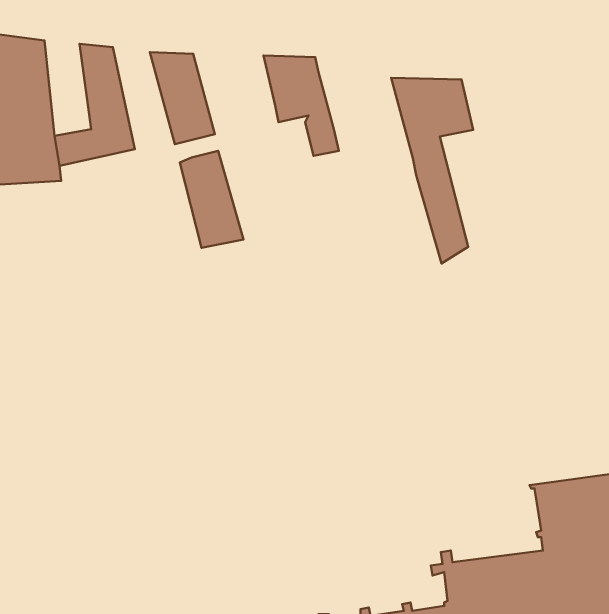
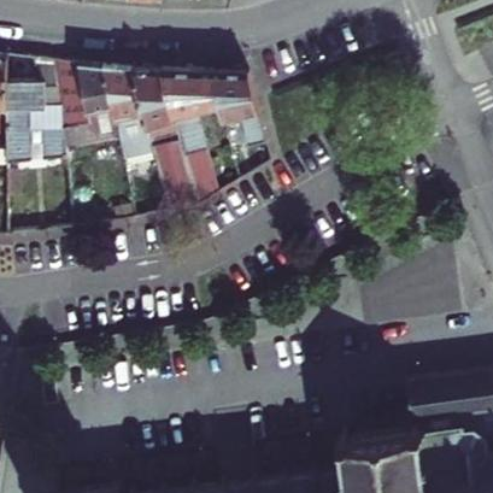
building: none -> [57,65,90,134]
building: none -> [106,70,152,149]
building: [391,78,473,264] -> [164,75,223,209]

